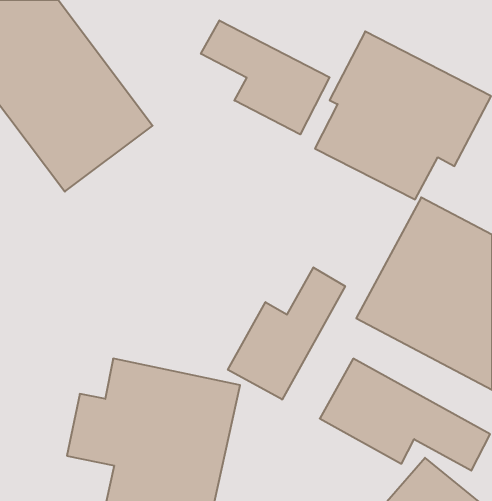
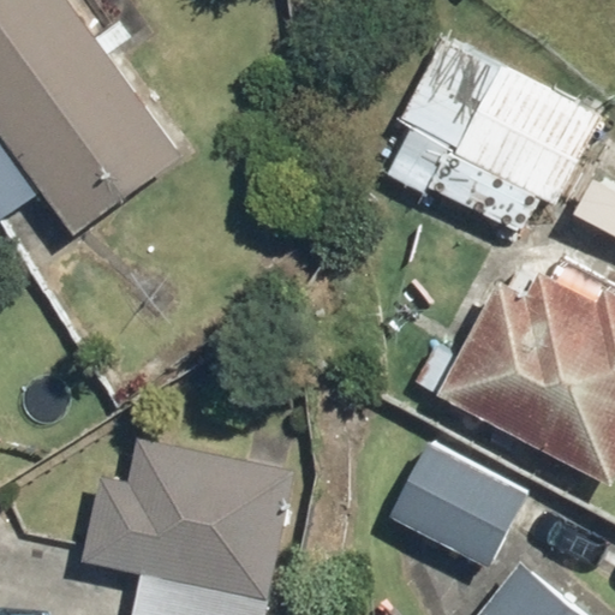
building: [201,20,330,134] -> none
building: [228,267,345,400] -> none

